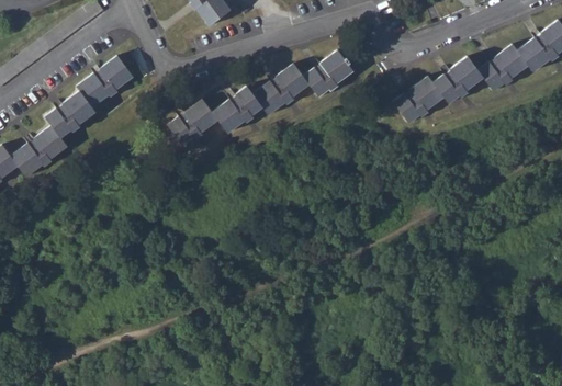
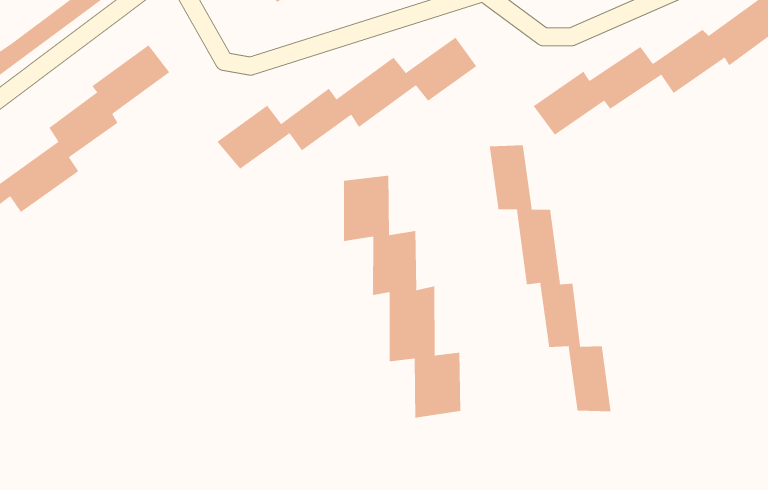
building: none -> [489,144,611,412]
building: none -> [343,175,461,419]

